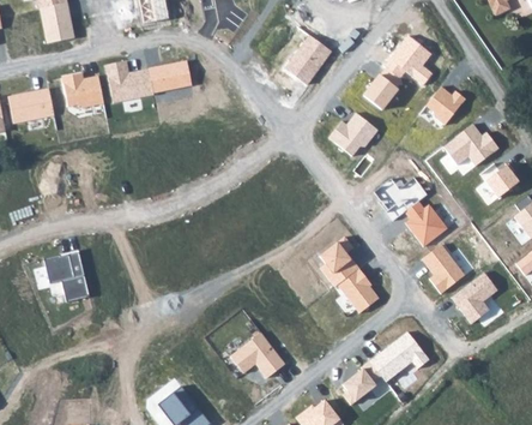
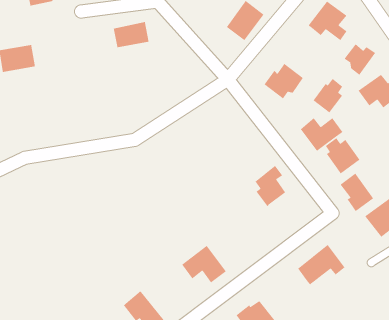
building: [105,60,153,102] -> none
building: [362,67,399,110] -> [313,78,343,113]
building: [64,73,104,107] -> none
building: [44,250,90,301] -> none
building: [337,268,379,313] -> none
building: [341,360,381,405] -> none

